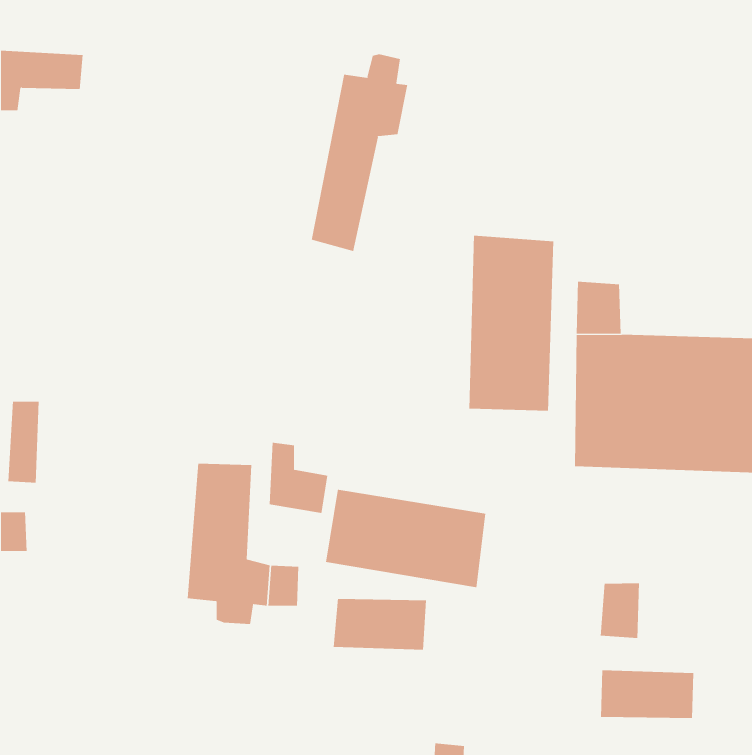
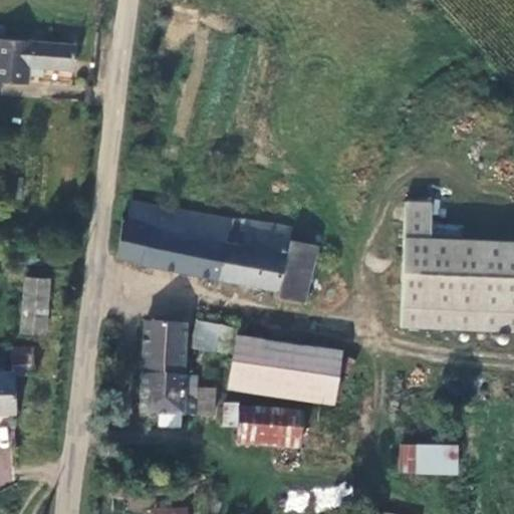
building: [311,53,408,252] -> none
building: [469,235,554,412] -> none
building: none -> [116,204,309,300]
building: [600,582,640,639] -> none

